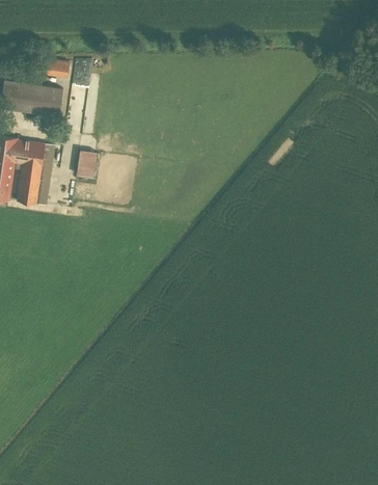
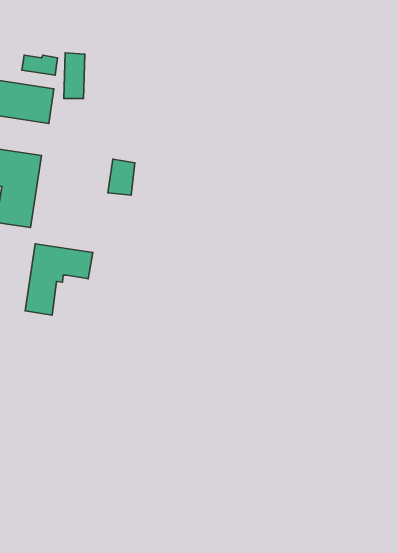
building: [75,150,98,180] -> [108,159,135,195]
building: none -> [25,244,93,315]

